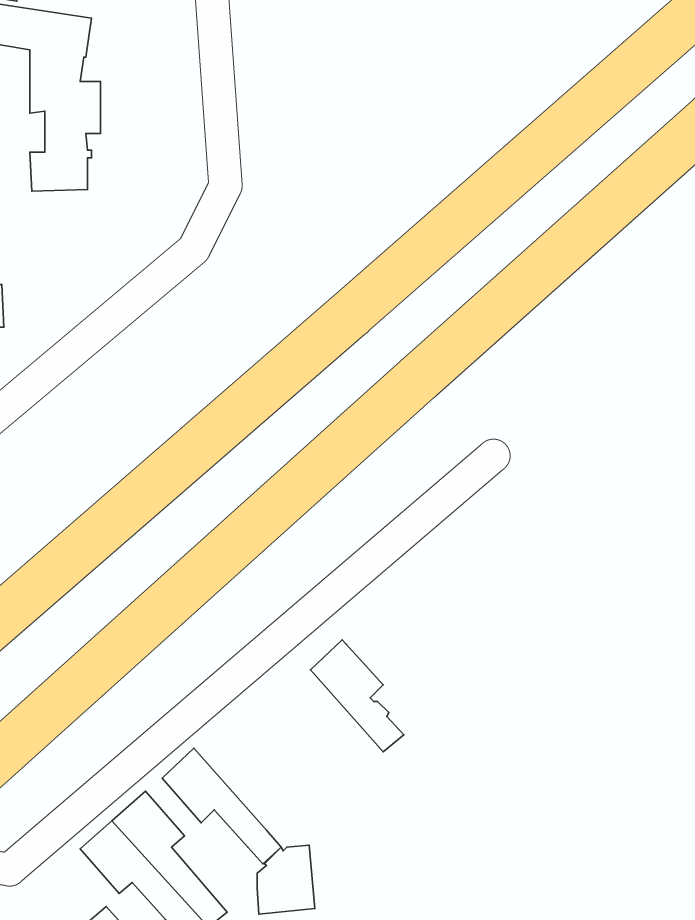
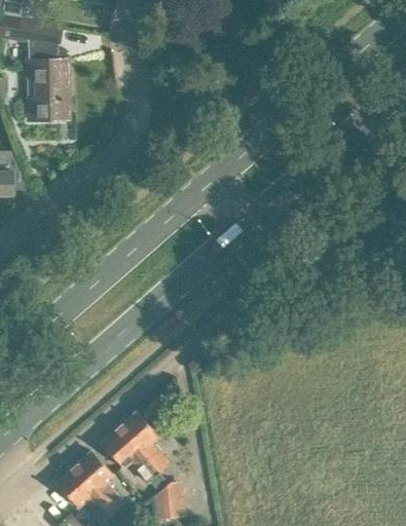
building: [311,640,404,752] -> [119,411,171,473]

